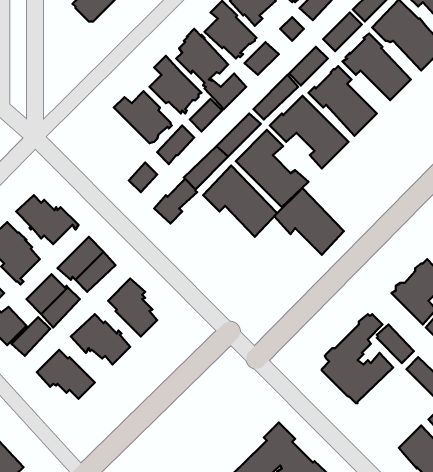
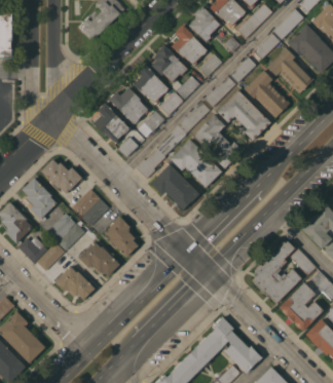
building: none -> [92,103,128,143]
building: [274,188,344,255] -> [150,163,198,209]
building: none -> [279,282,323,331]

